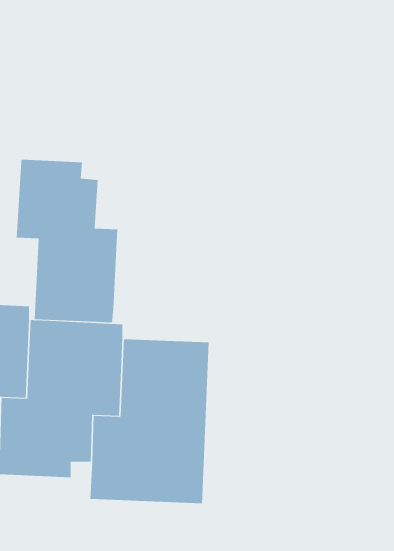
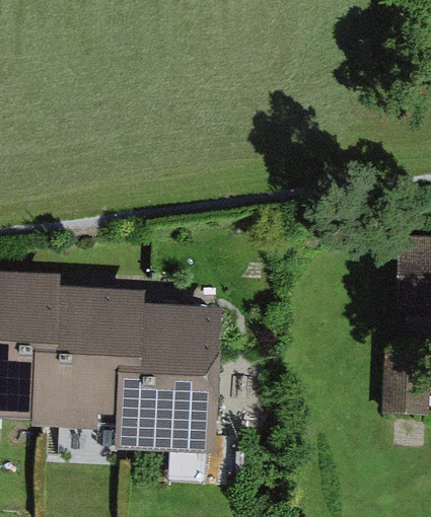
building: [16,159,118,323] -> none

